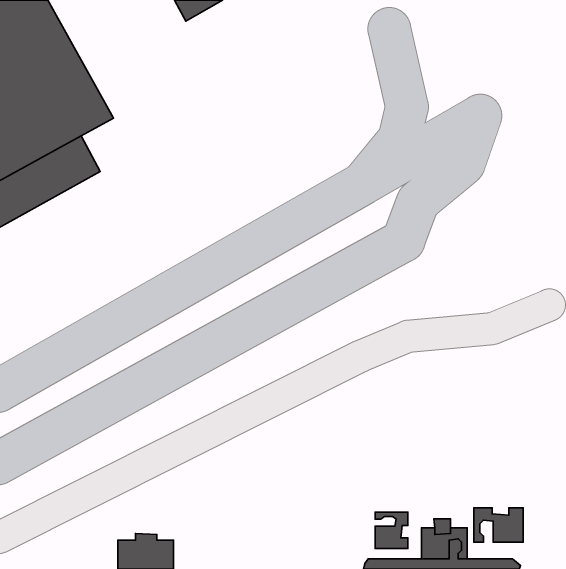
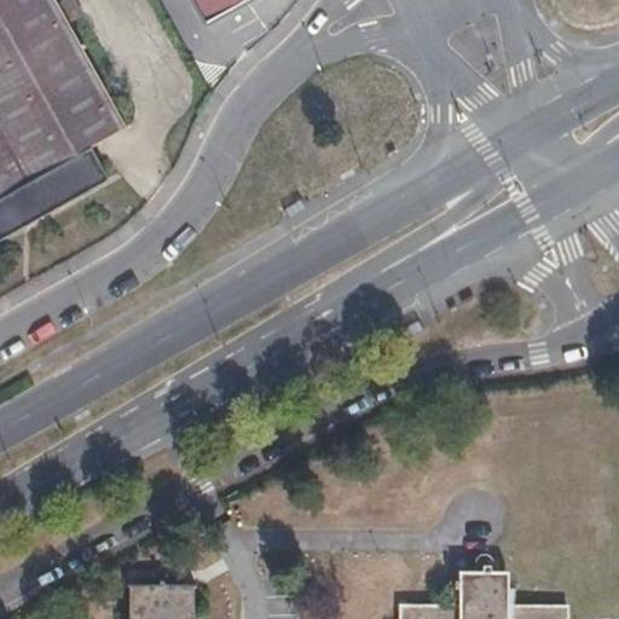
building: [474,508,523,542] -> none
building: [375,512,408,548] -> none

